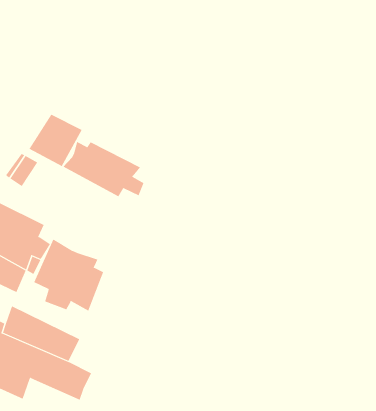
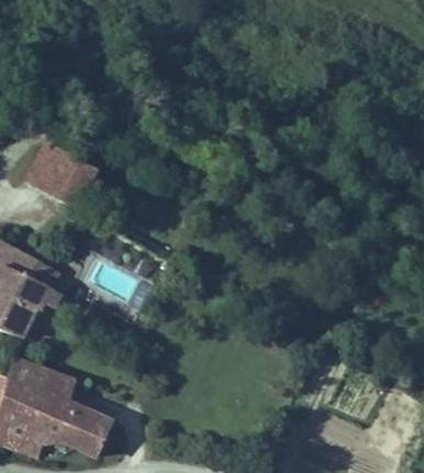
building: [62,141,144,197] -> none
building: [33,239,104,311] -> none

